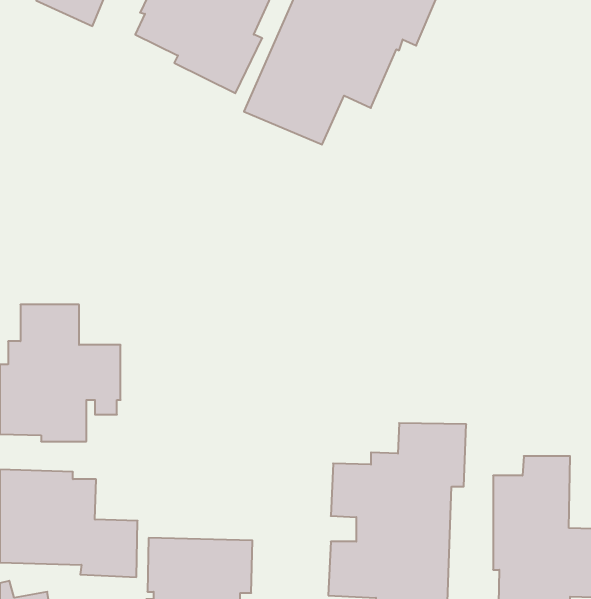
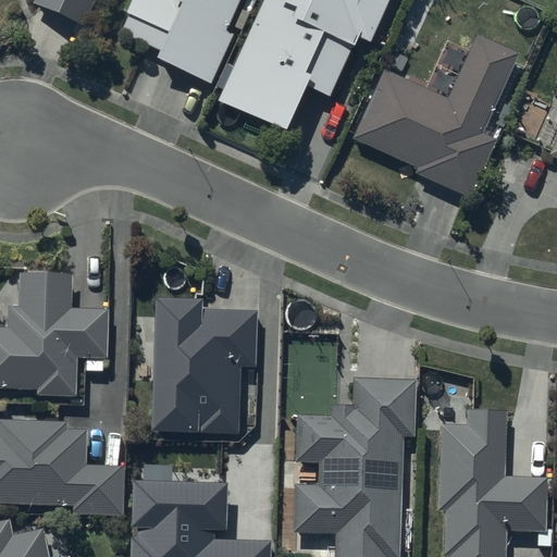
building: none -> [351,35,517,197]
building: none -> [150,297,256,433]

